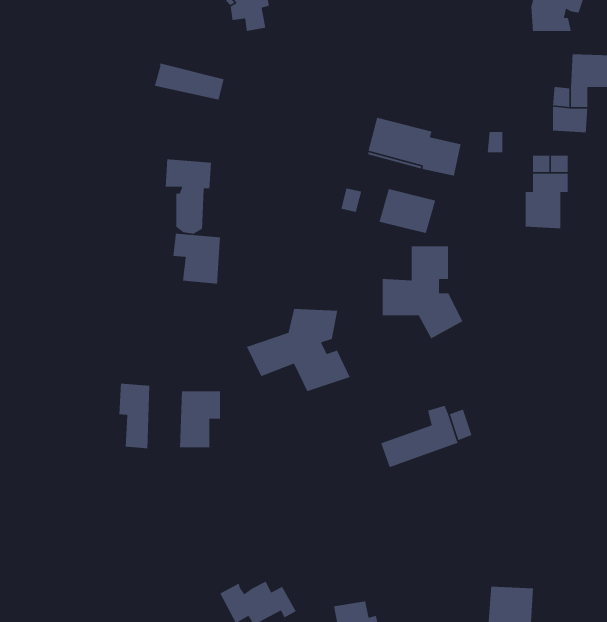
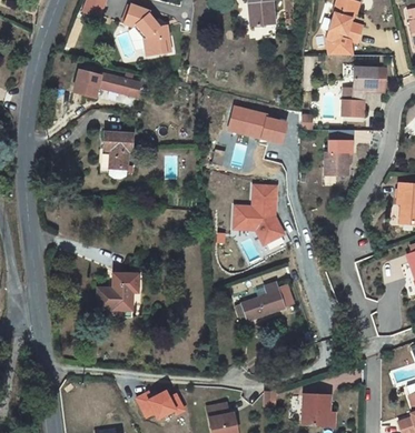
building: none -> [72,69,100,97]
building: [379,188,436,234] -> none
building: [172,233,221,284] -> none
building: [246,308,351,392] -> none
building: [118,383,150,449] -> none

